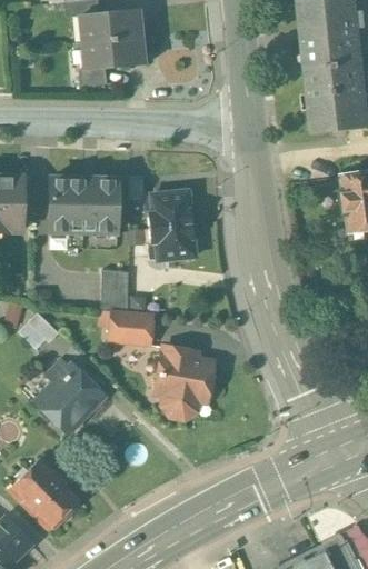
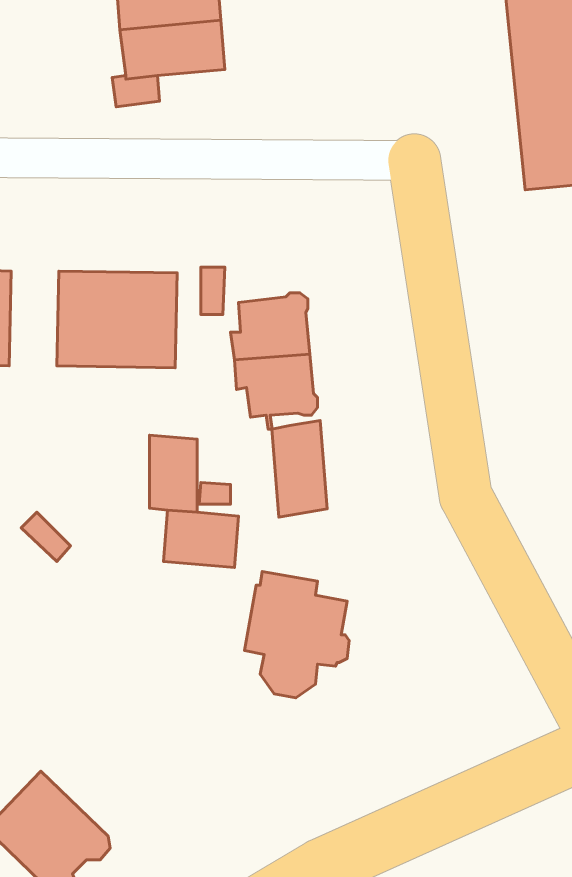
building: none -> [272,421,327,517]
building: [36,360,102,432] -> none

